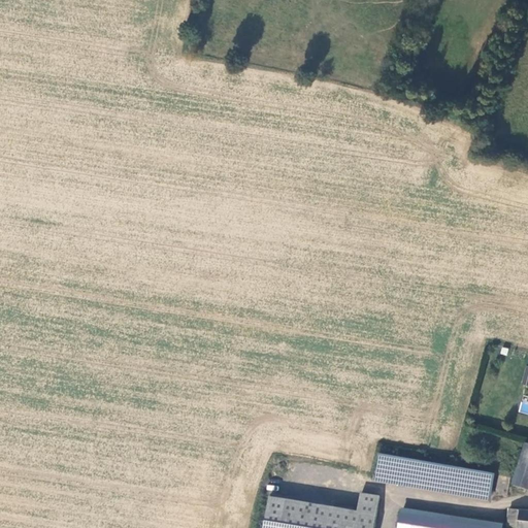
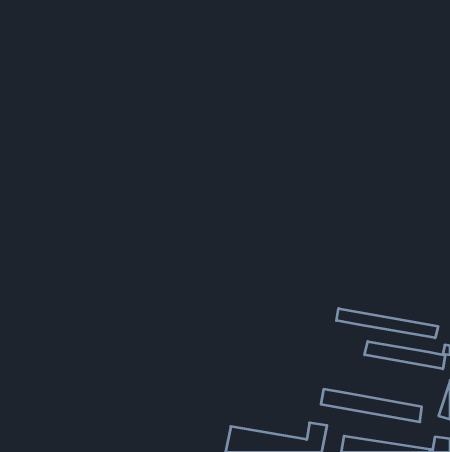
building: none -> [336,308,438,338]
building: none -> [365,341,445,369]

